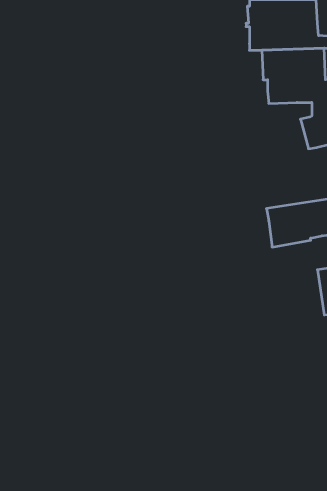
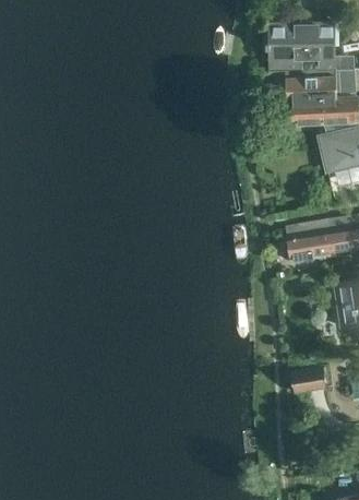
building: none -> [291,366,326,393]

